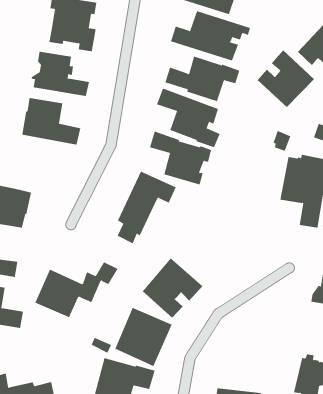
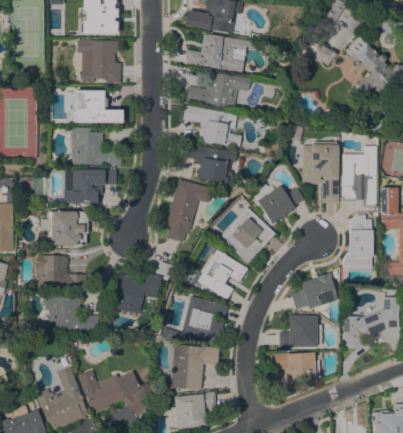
building: [257,49,315,108] -> none
building: none -> [64,170,116,203]
building: none -> [254,185,305,223]
building: none -> [219,206,276,263]
building: none -> [291,272,338,309]
building: none -> [279,315,322,348]

